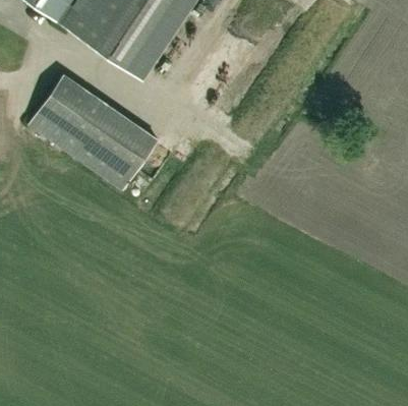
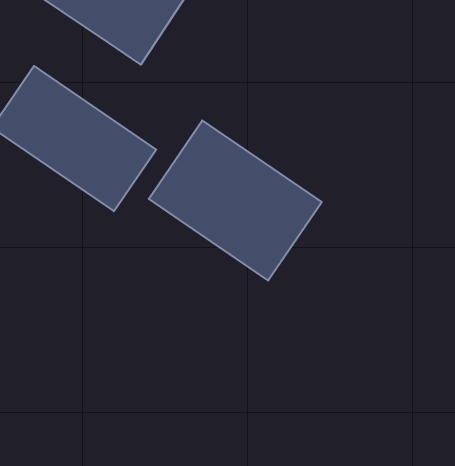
building: none -> [149,120,322,281]

